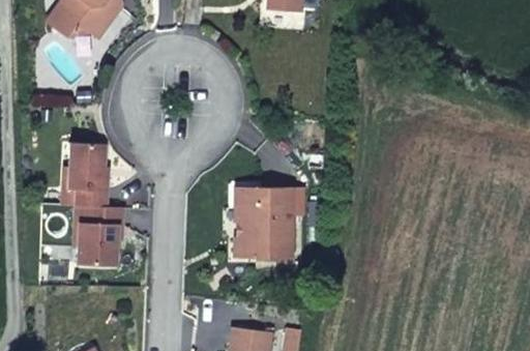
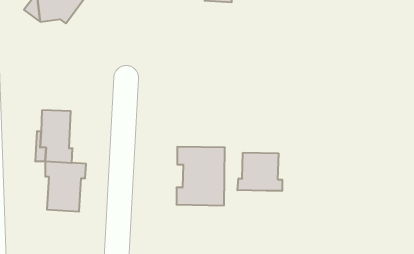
building: none -> [237,153,282,191]

